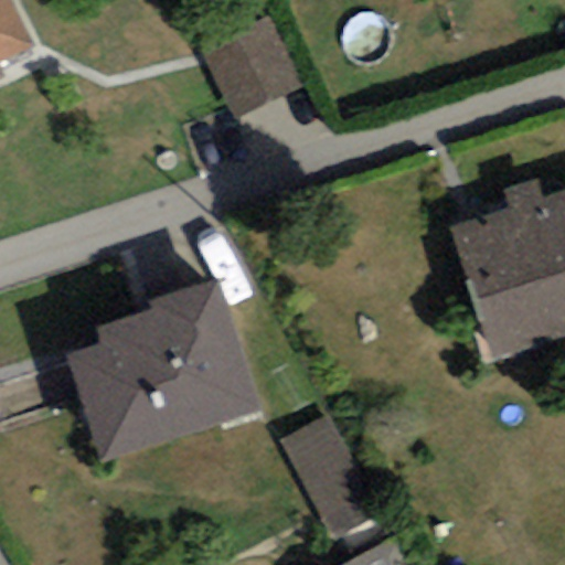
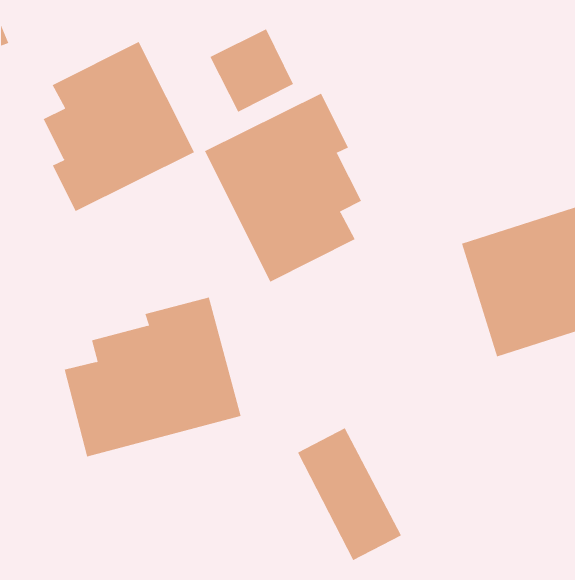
building: none -> [43,41,195,212]
building: none -> [204,93,362,283]

